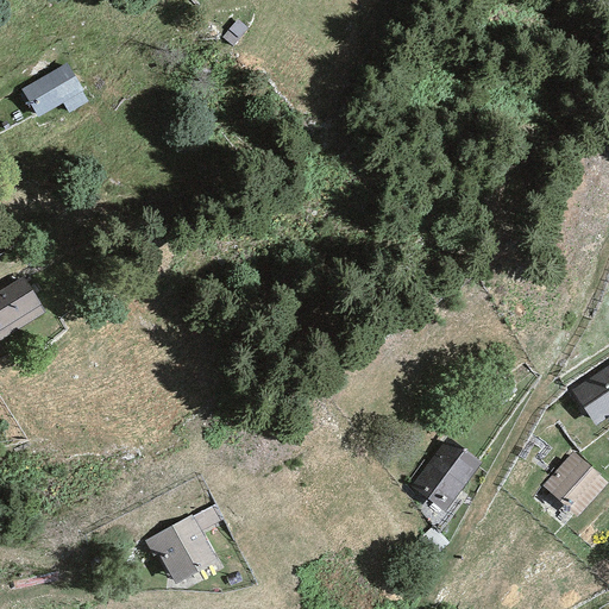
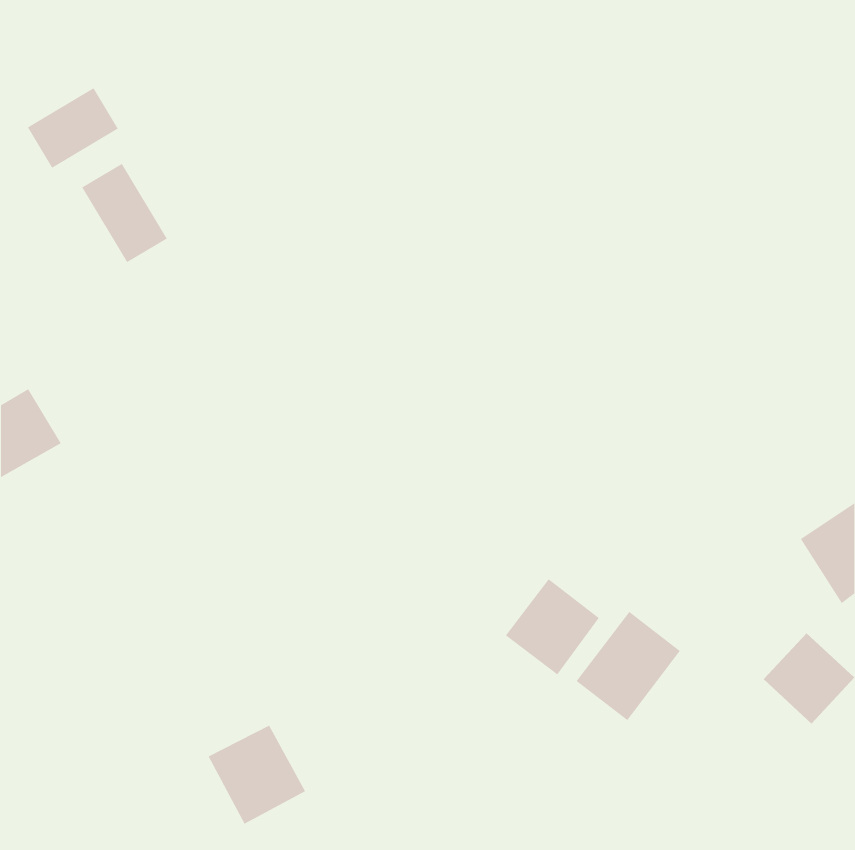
building: none -> [81,163,168,263]
building: none -> [505,578,600,675]

